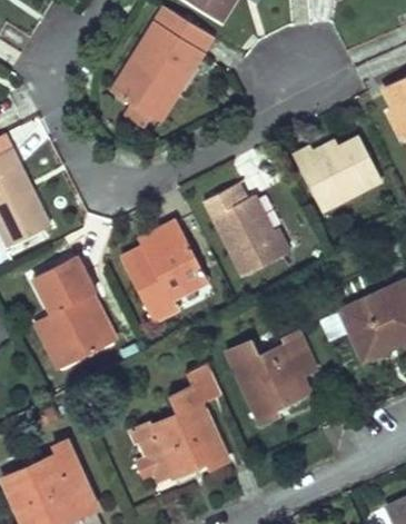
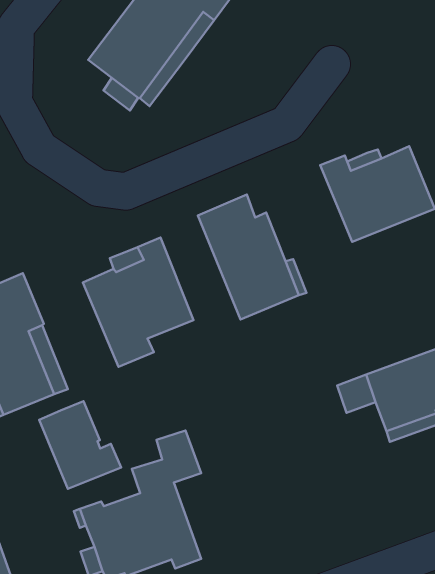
building: [227,332,316,423] -> none
building: none -> [39,401,121,489]

